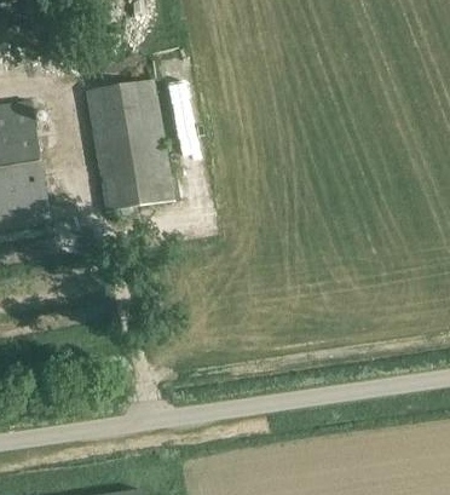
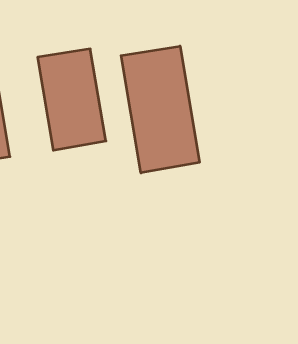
building: none -> [121,46,199,173]

